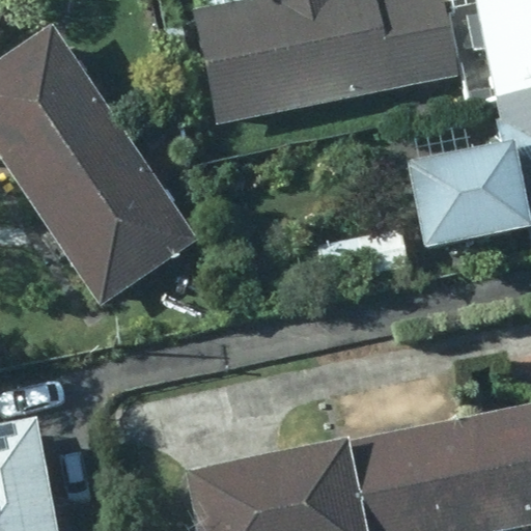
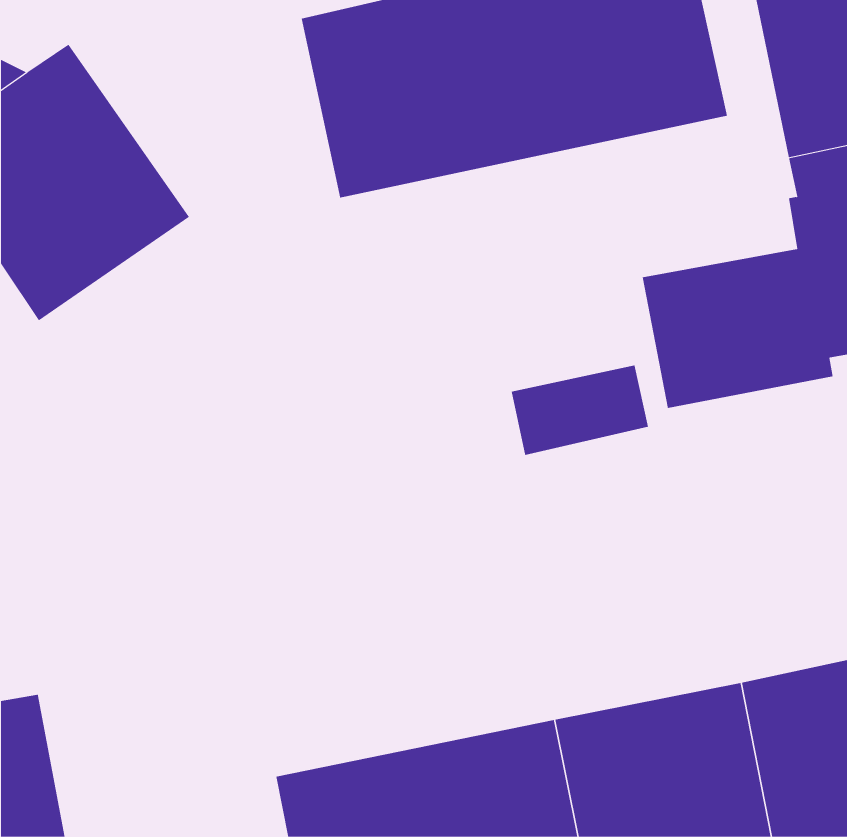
building: [31,134,196,301] -> none

